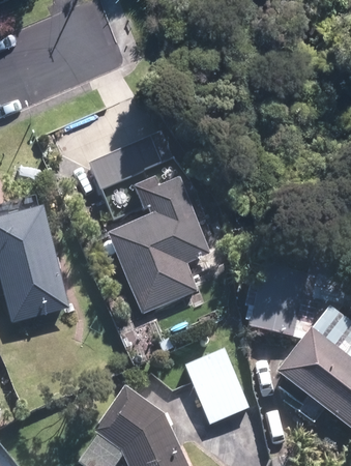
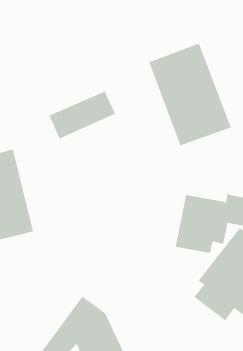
building: none -> [149,43,232,146]
building: [108,175,208,313] -> none
building: [184,349,248,424] -> none

